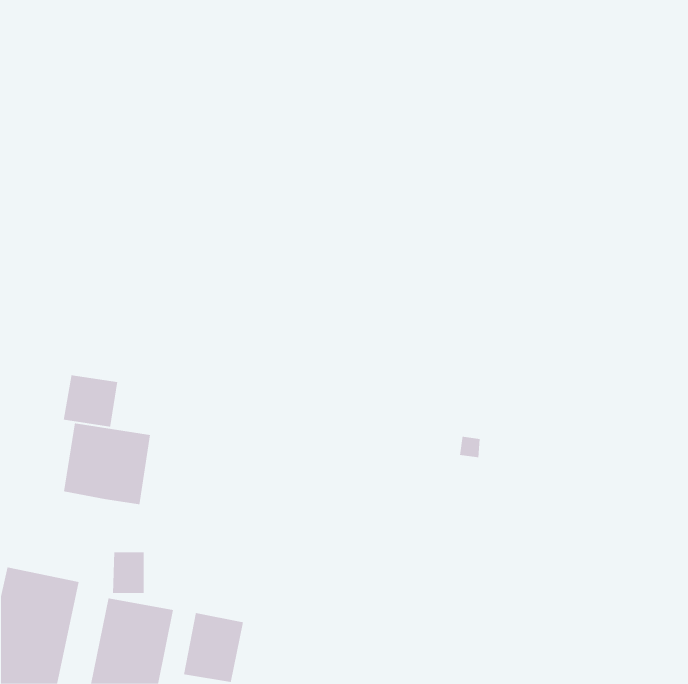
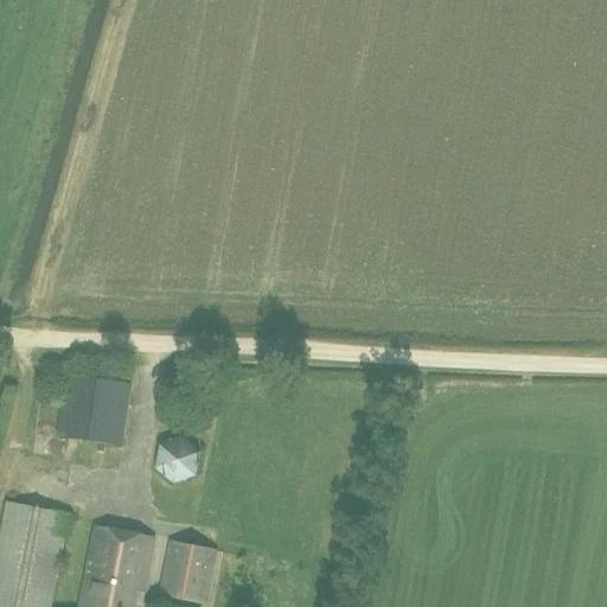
building: [63,374,118,428] -> none
building: [112,552,144,594] -> [156,443,185,480]

